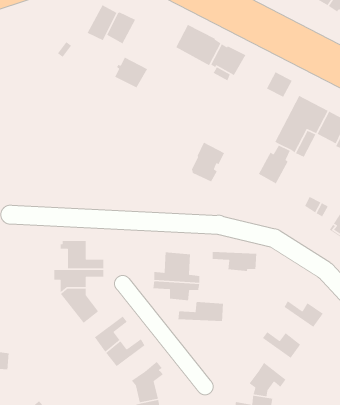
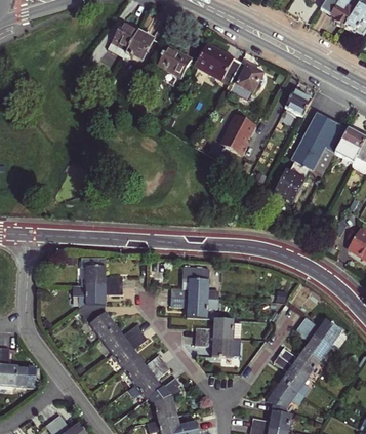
building: [114,57,148,89] -> [157,45,191,77]
building: [191,141,225,183] -> [221,113,255,154]
building: [212,251,257,272] -> [195,337,240,357]
building: none -> [295,324,330,361]
building: none -> [101,325,140,354]
building: none -> [273,355,310,396]
building: none -> [134,362,168,399]

